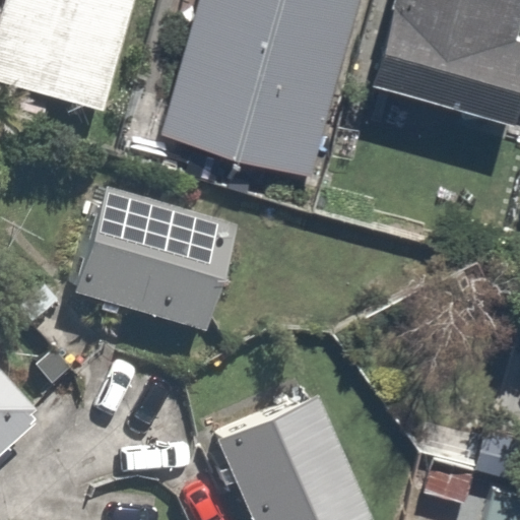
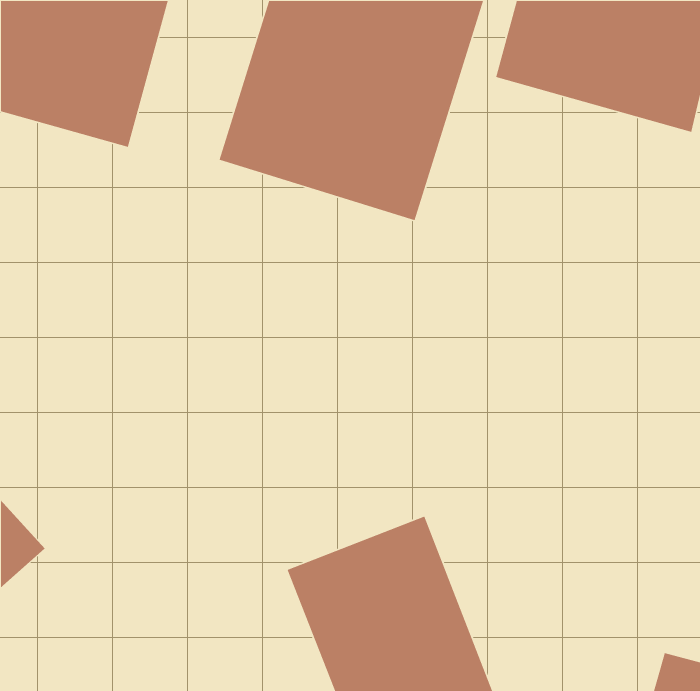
building: [65,182,235,328] -> none

